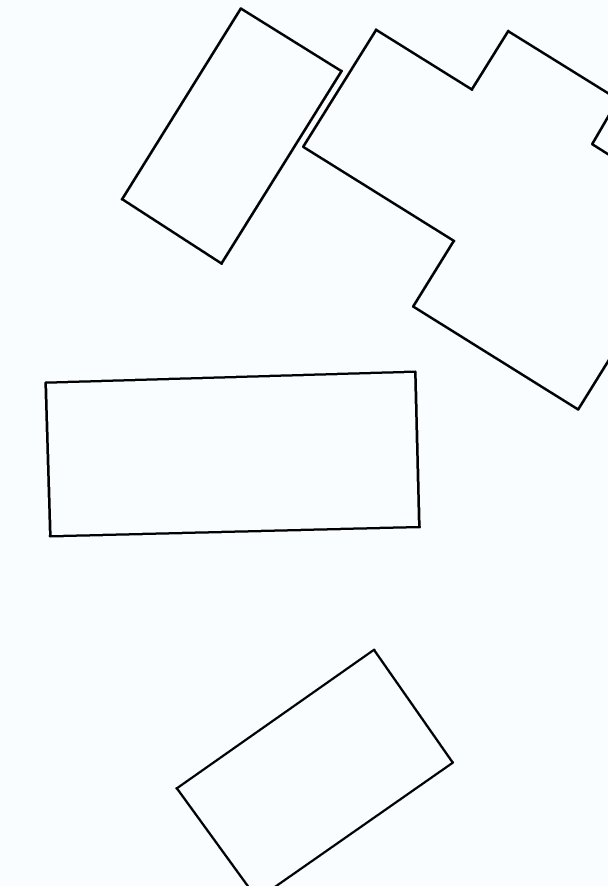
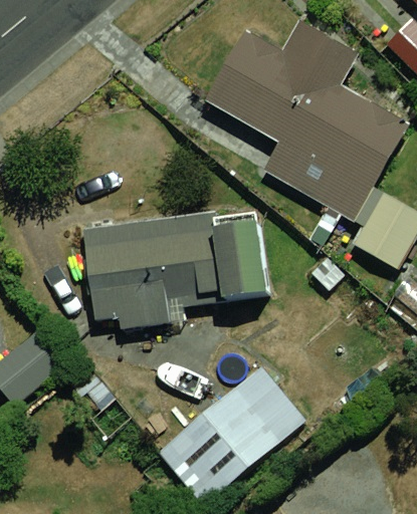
building: [122,9,342,264] -> none

